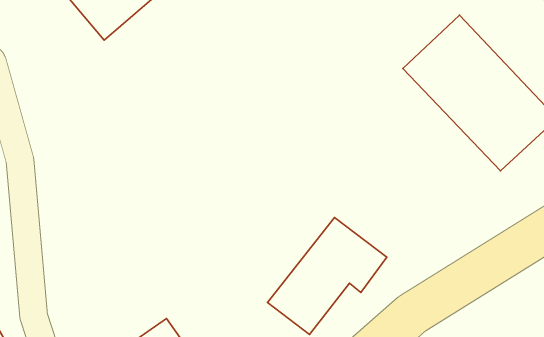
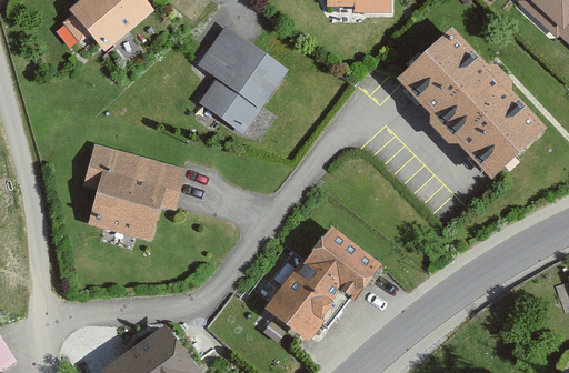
building: none -> [197,24,288,132]
building: none -> [82,145,184,241]

